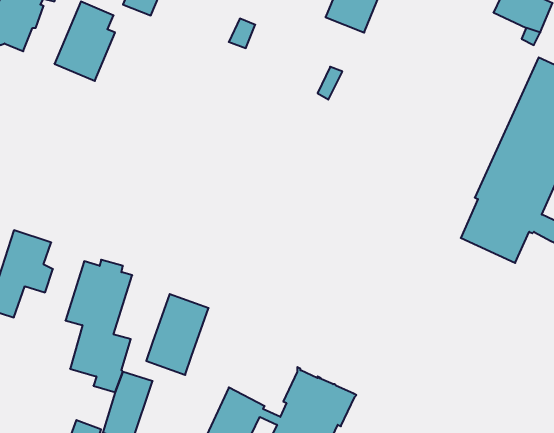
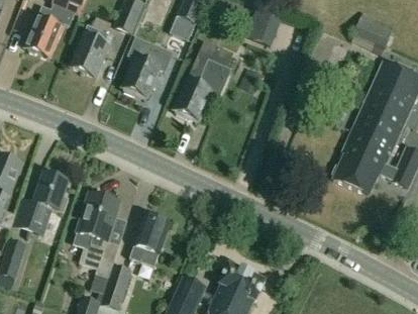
building: none -> [122,34,174,96]
building: none -> [175,40,234,119]

